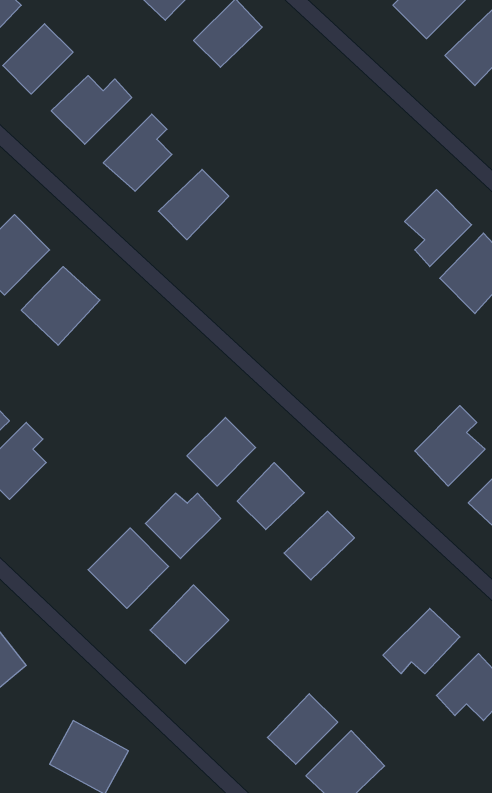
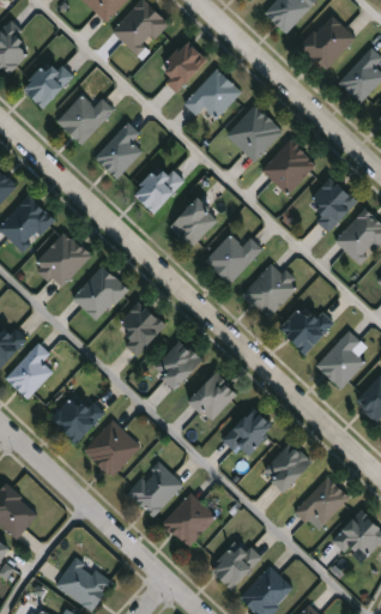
building: none -> [183,70,241,119]
building: none -> [226,106,283,161]
building: none -> [261,139,316,194]
building: none -> [169,198,218,248]
building: none -> [205,235,264,285]
building: none -> [241,261,300,319]
building: none -> [72,266,127,323]
building: none -> [120,301,165,357]
building: none -> [279,307,334,355]
building: [145,493,221,559] -> [50,397,104,444]
building: none -> [264,443,312,492]
building: none -> [162,493,217,547]

